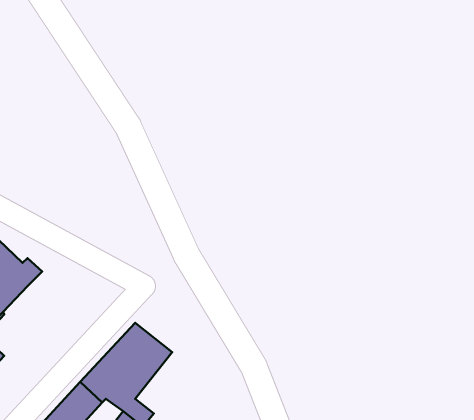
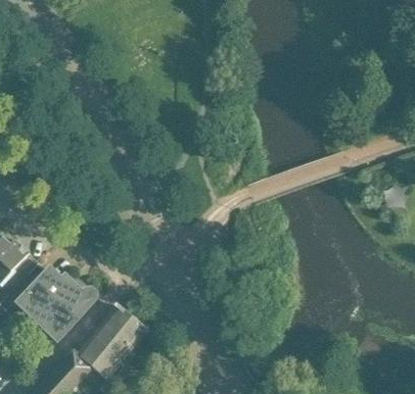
building: none -> [16,268,94,341]

